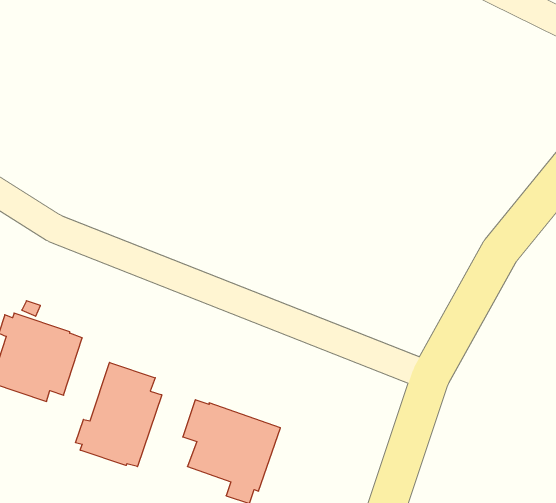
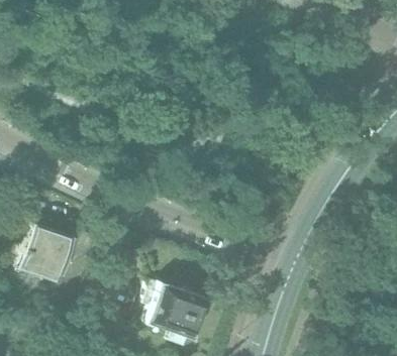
building: [76,362,162,467] -> none

